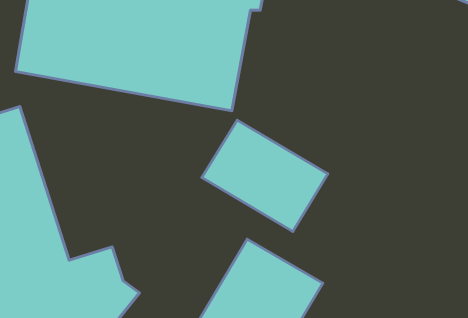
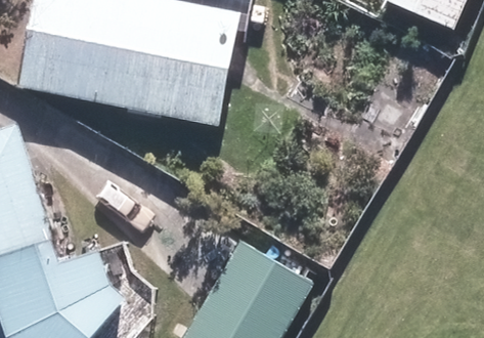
building: [202,120,328,231] -> none

